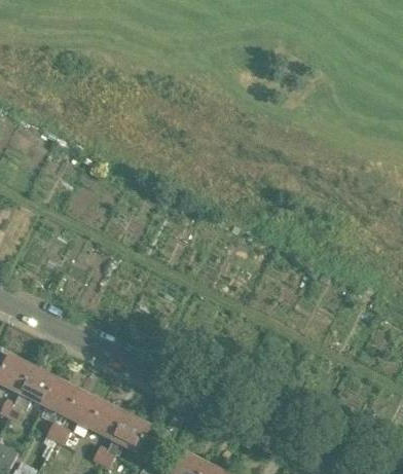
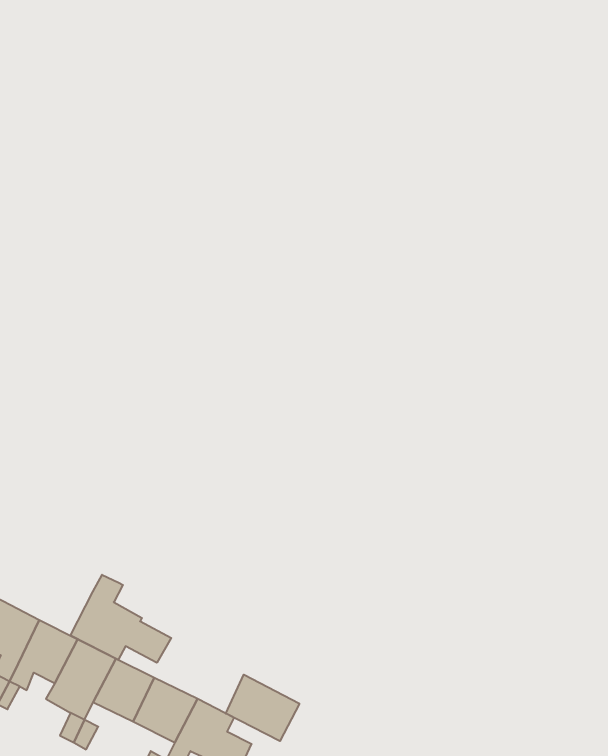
building: none -> [70,575,171,663]
building: none -> [226,675,299,741]

